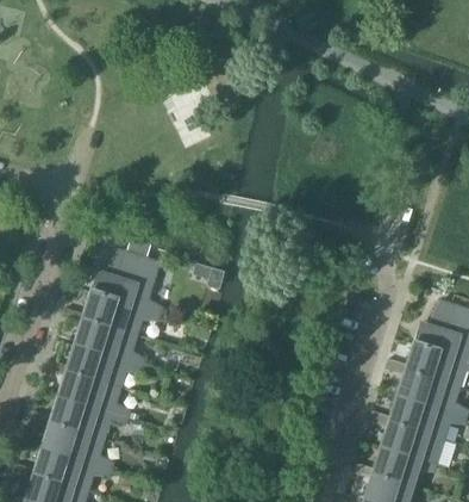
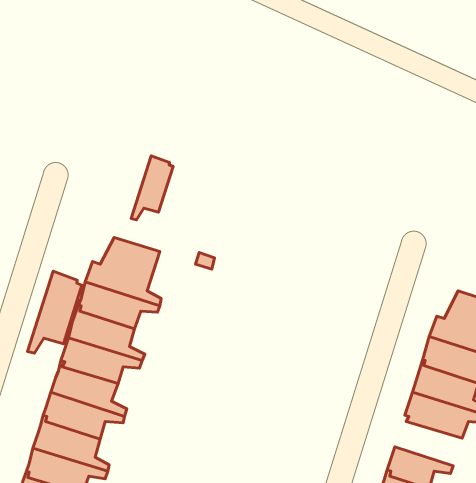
building: none -> [131,156,173,220]
building: none -> [27,271,82,353]
building: [380,417,443,465] -> none

